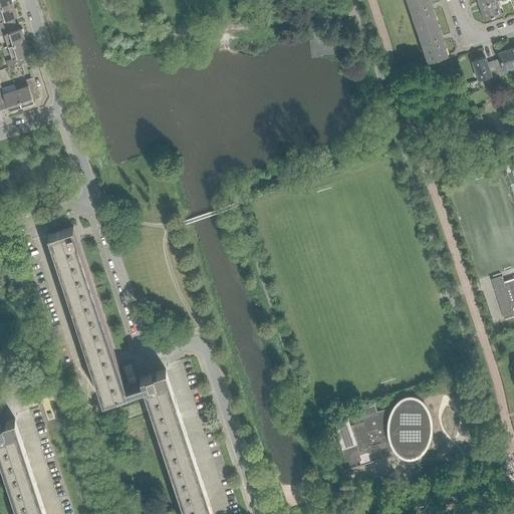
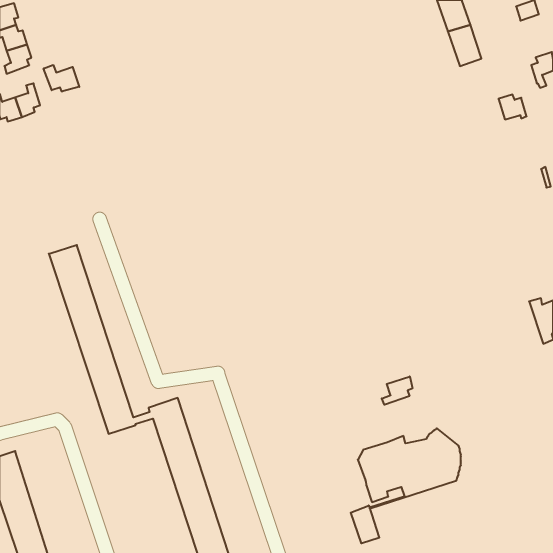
building: [471,58,497,81] -> [498,95,527,119]
building: none -> [44,65,79,92]
building: none -> [382,376,412,405]
building: none -> [351,505,379,543]

